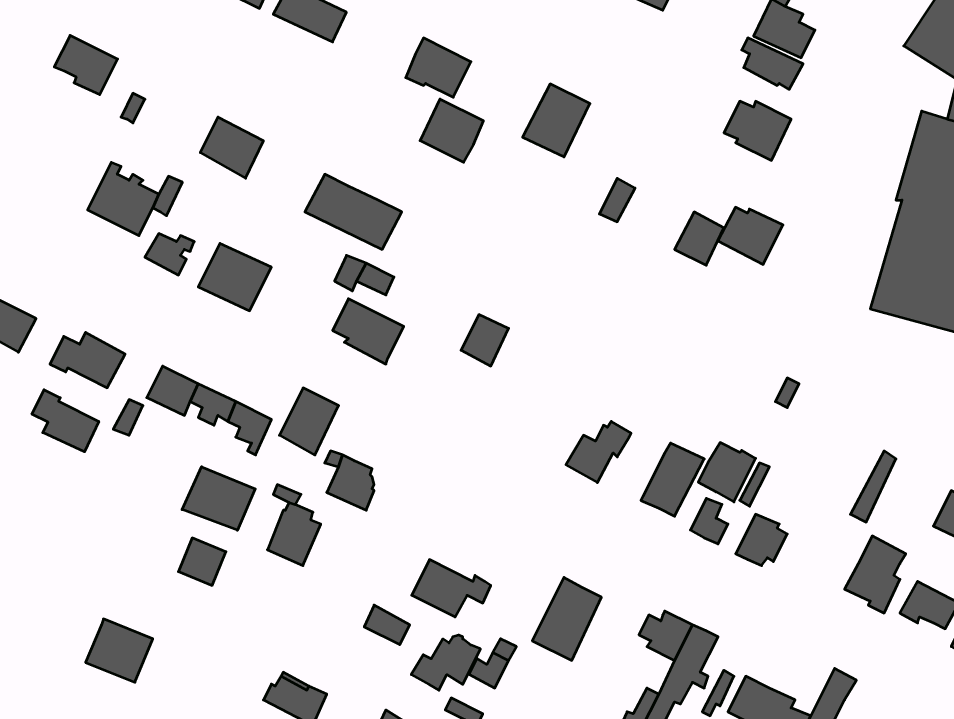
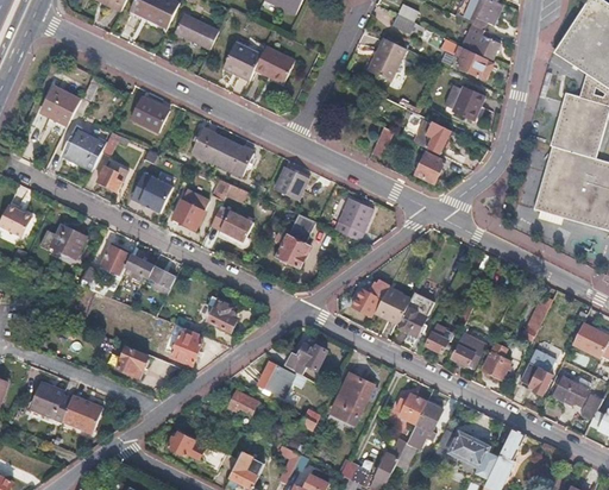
building: [54,35,118,95] -> [44,82,82,118]
building: [523,84,590,157] -> [366,36,407,80]
building: [420,99,483,162] -> [222,43,260,81]
building: [718,207,783,264] -> [414,119,453,153]
building: none -> [274,167,309,200]
building: none -> [335,199,372,240]
building: none -> [274,232,309,266]
building: [279,388,339,455] -> [174,188,209,228]
building: [32,390,99,452] -> none
building: [698,443,756,502] -> [376,287,410,322]
building: [182,467,255,530] -> none
building: none -> [482,341,509,377]
building: none -> [30,384,71,422]
building: [411,635,480,690] -> [285,340,327,373]

